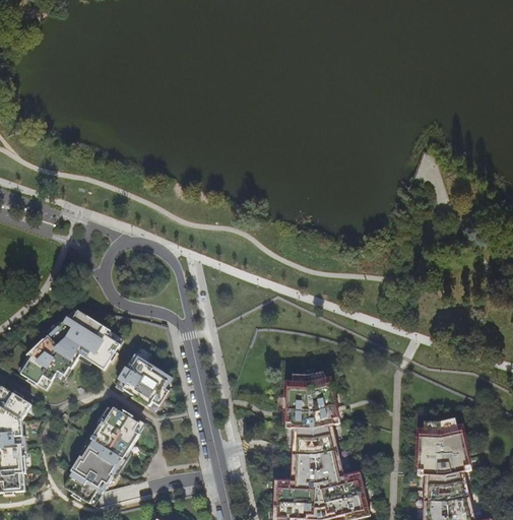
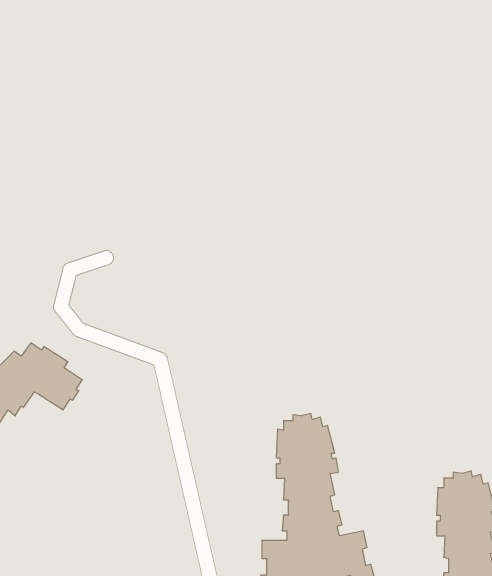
building: [114,354,167,405] -> none
building: [63,404,137,500] -> none

